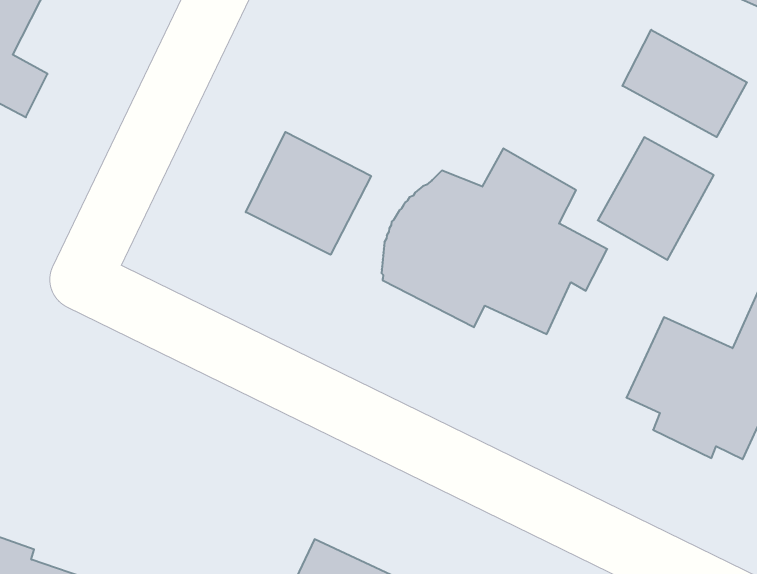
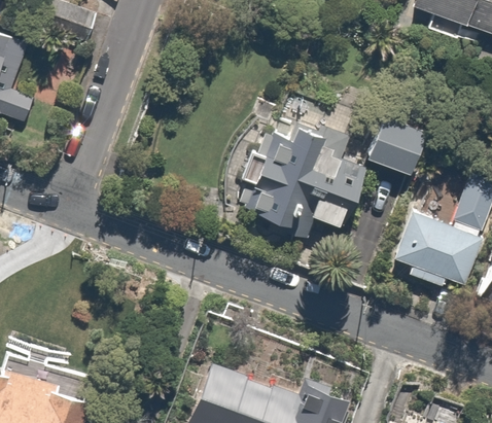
building: [622,30,747,137] -> none
building: [246,132,371,255] -> none

